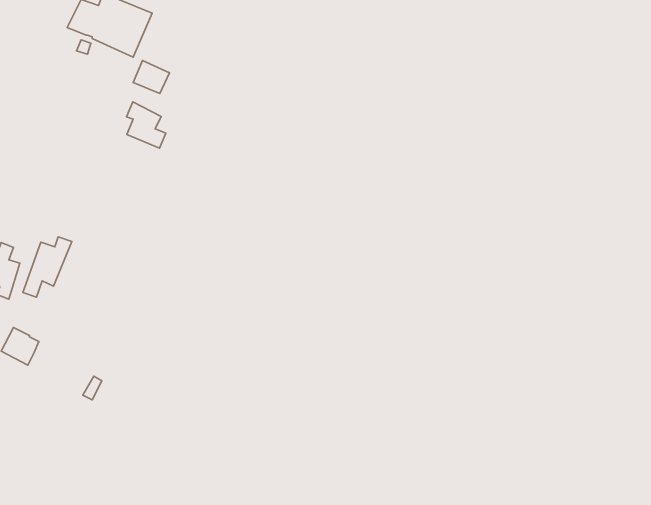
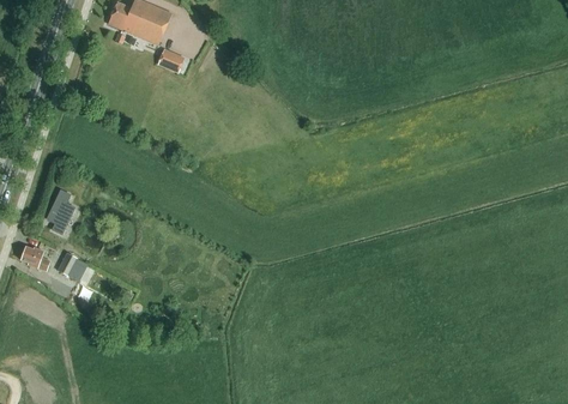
building: [127,102,166,148] -> none
building: [23,237,72,297] -> none

